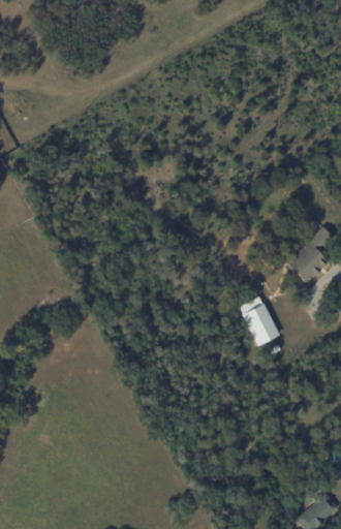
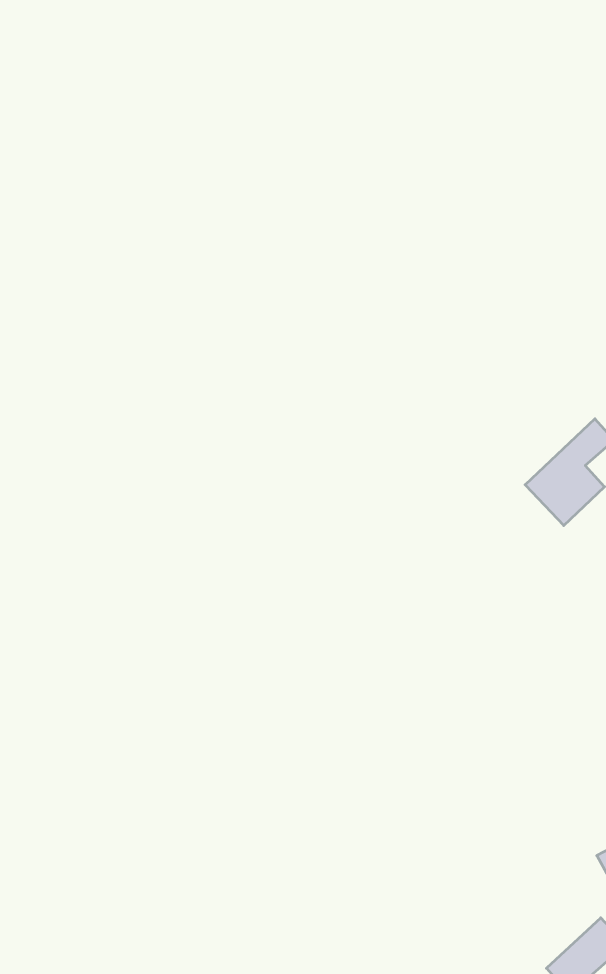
building: [238,295,280,346] -> none

